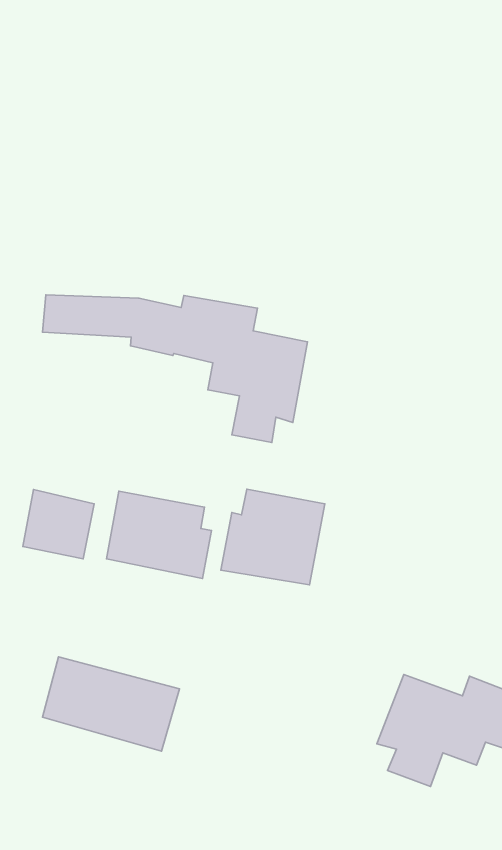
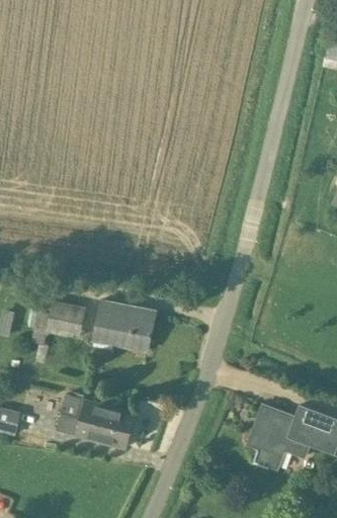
building: [43,295,308,442] -> none
building: [221,489,325,585] -> none

